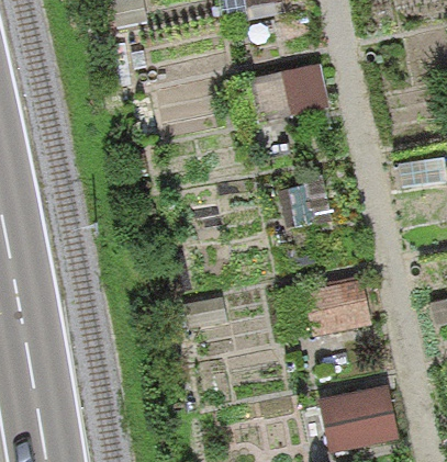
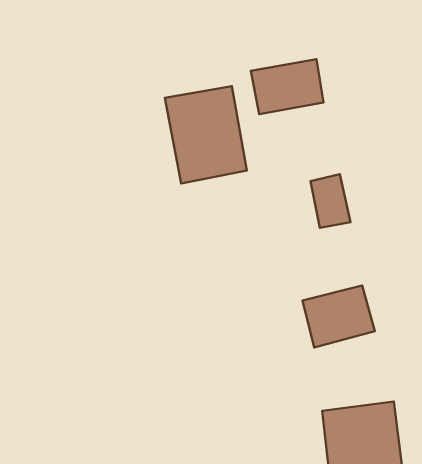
building: none -> [165,86,247,184]

